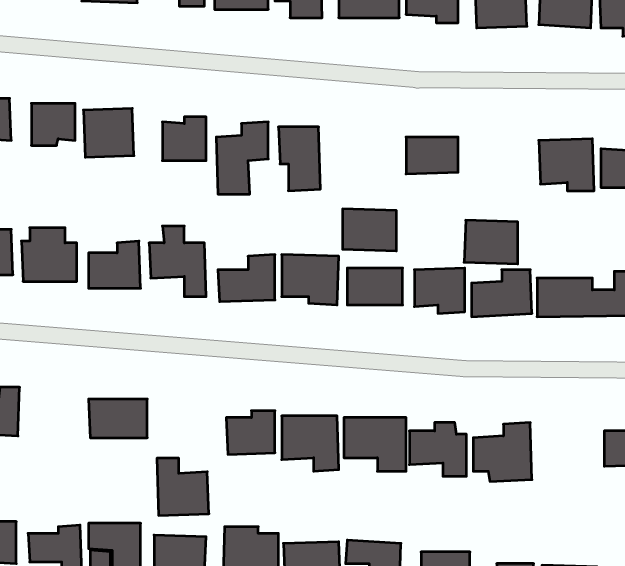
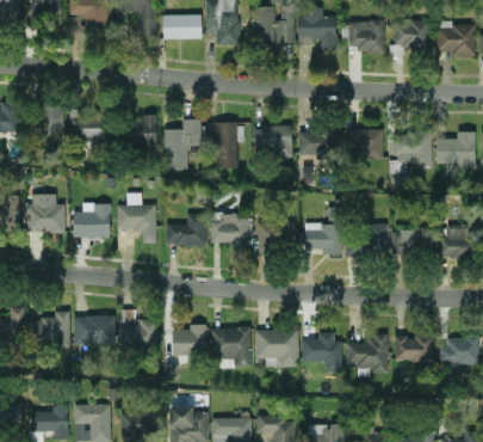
building: [343,209,396,251] -> [253,127,291,156]
building: [464,220,518,264] -> [343,129,382,160]
building: none -> [27,312,69,350]
building: none -> [394,336,432,362]
building: [157,458,209,515] -> [119,311,156,351]

